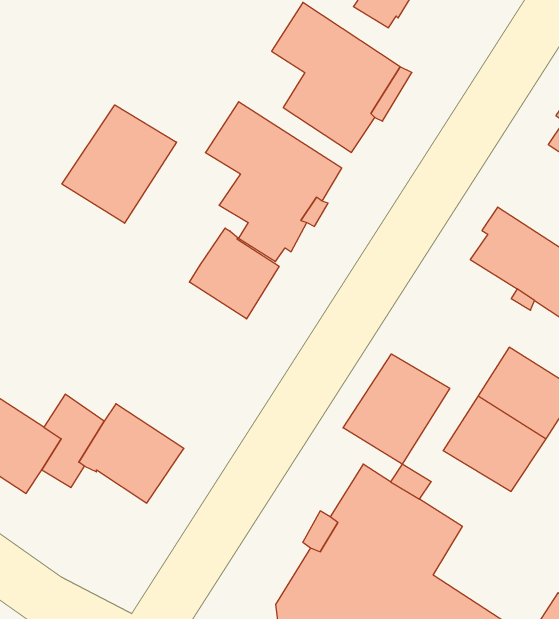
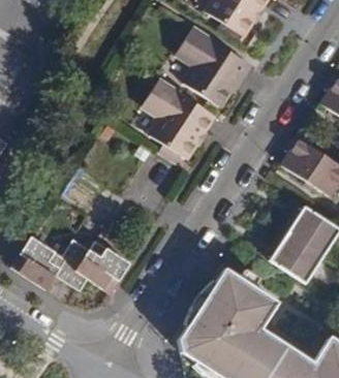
building: [62,105,177,223] -> none
building: [189,228,279,319] -> none
building: [343,354,450,464] -> none

